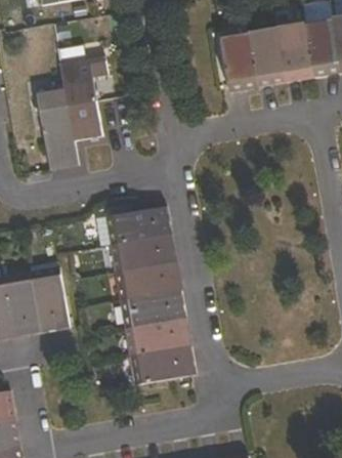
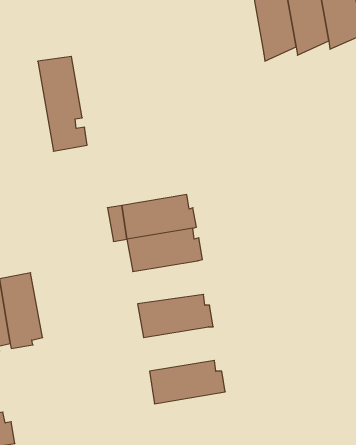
building: [61,56,108,140] -> none
building: [118,262,181,299] -> none
building: [31,267,70,332] -> none
building: [127,319,191,357] -> none

